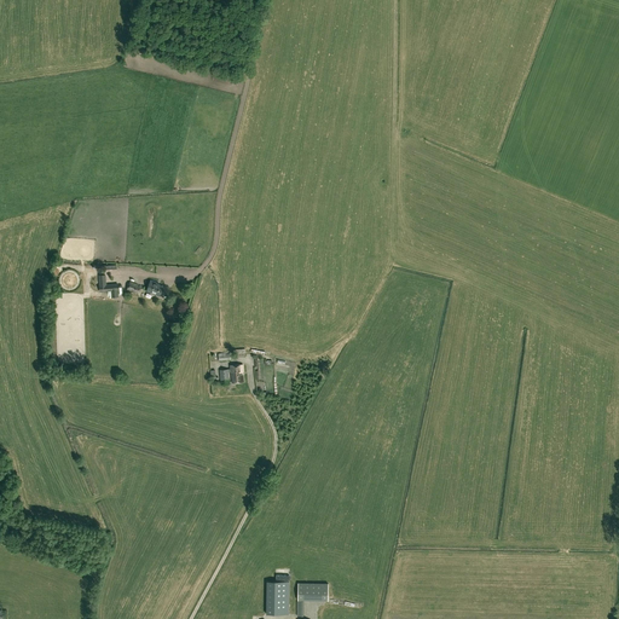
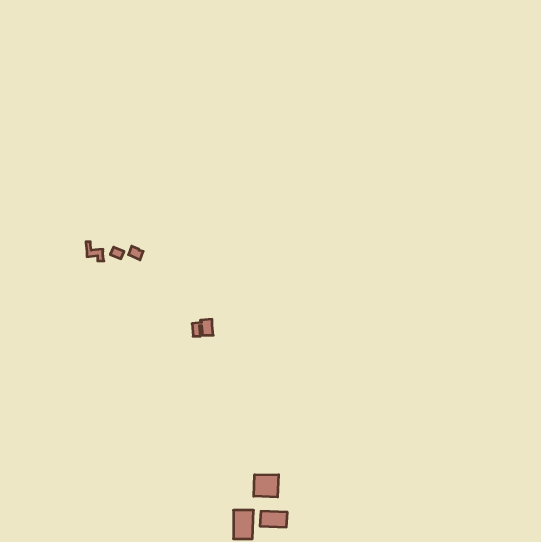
building: none -> [254,475,279,497]

